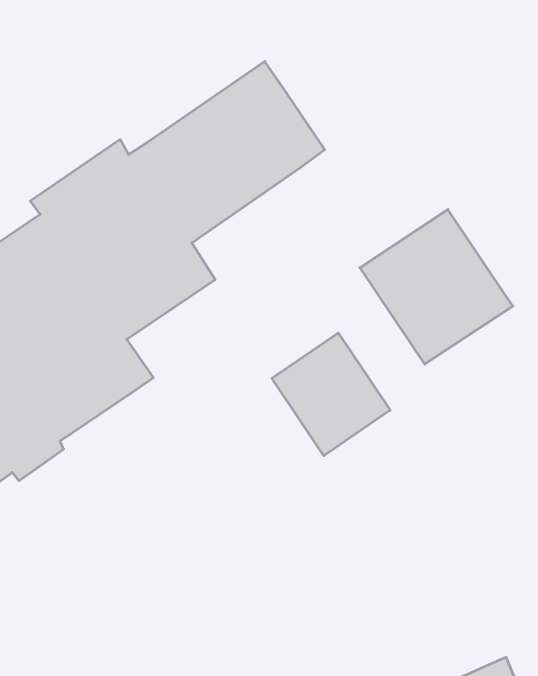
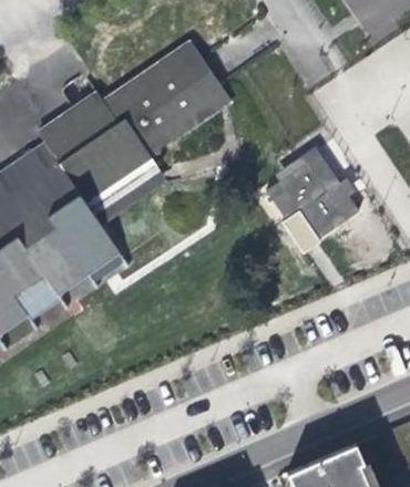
building: [272,333,390,456] -> none

